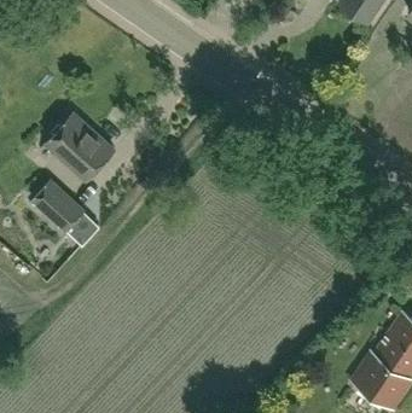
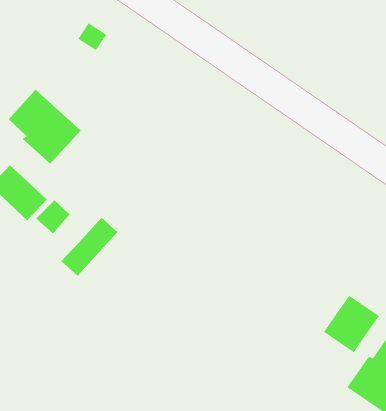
building: none -> [61,217,118,276]
building: none -> [323,295,380,353]

